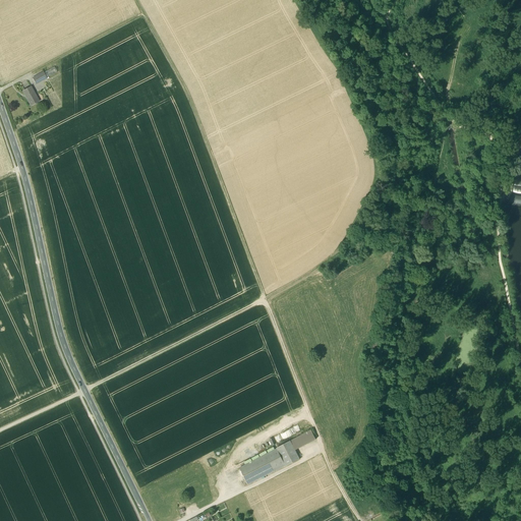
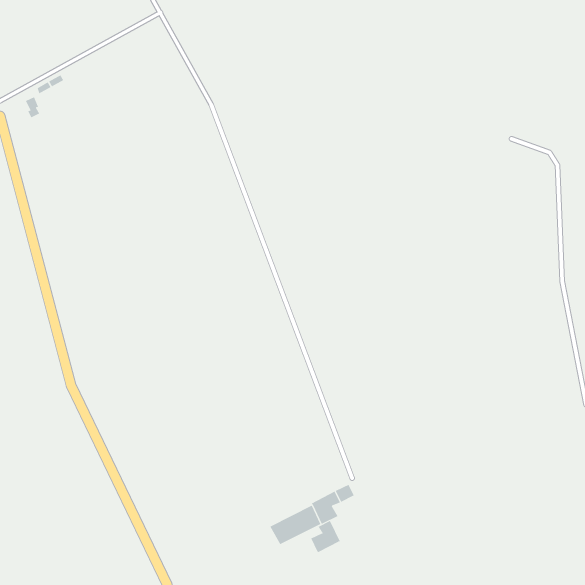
building: none -> [310,520,340,553]

